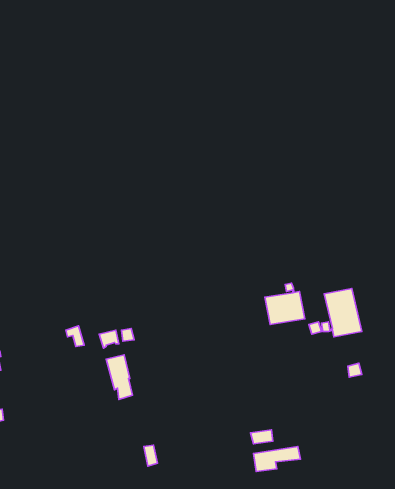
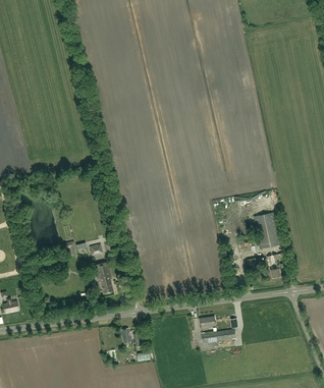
building: [265,283,305,325] -> none

